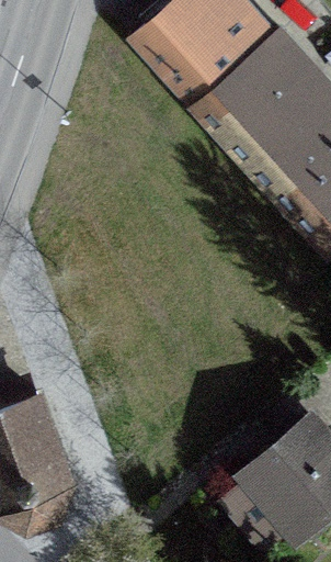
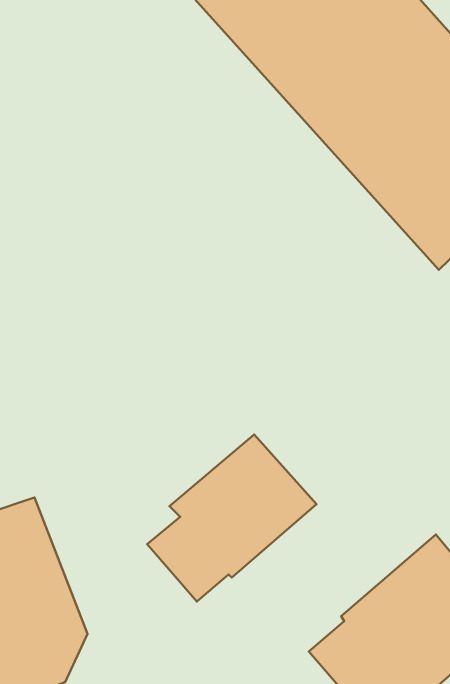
building: none -> [147,434,317,602]

